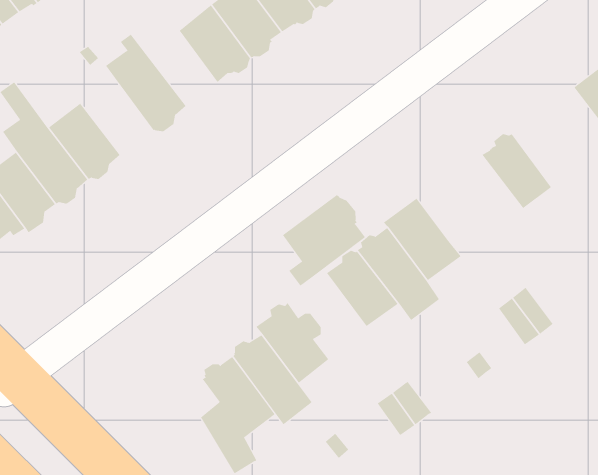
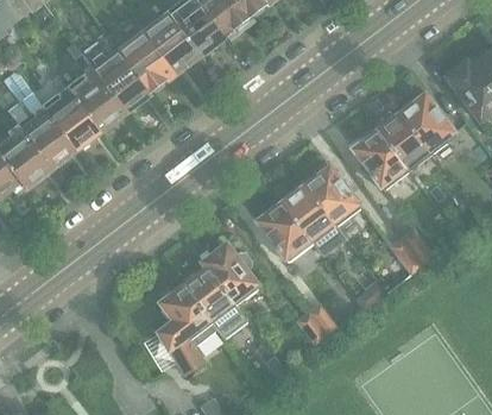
building: none -> [116,32,171,92]
building: none -> [65,69,121,128]
building: none -> [399,93,455,153]
building: none -> [348,125,408,190]
building: [282,194,366,287] -> none

